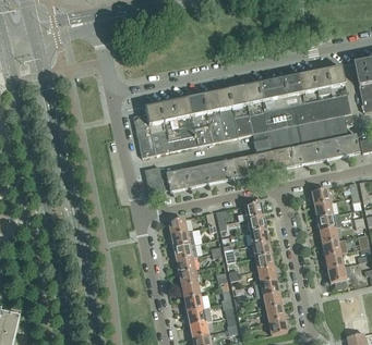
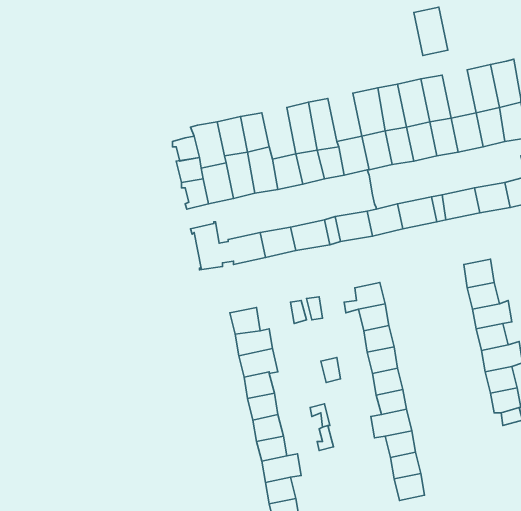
building: [298,71,319,100] -> [414,7,448,55]
building: [228,85,249,114] -> none
building: [188,94,208,125] -> none

